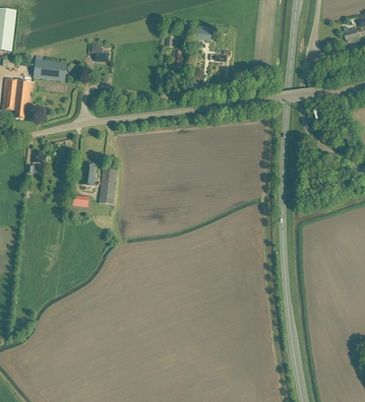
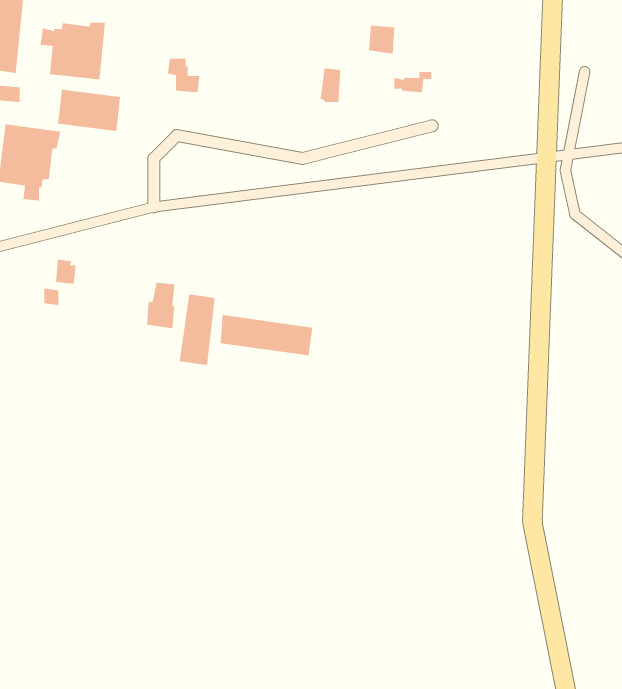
building: none -> [40,22,106,80]
building: none -> [220,314,313,356]

